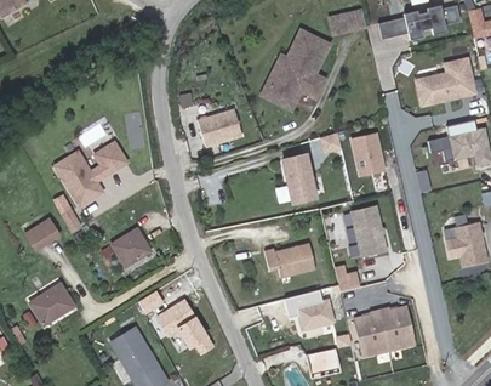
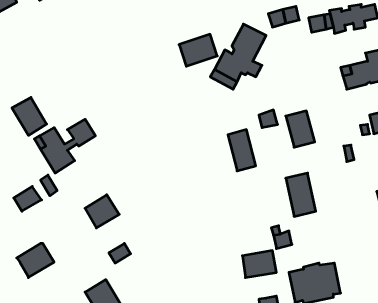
building: [193,110,238,148] -> [179,34,217,66]
building: none -> [12,97,47,135]
building: [262,242,314,278] -> none
building: [158,294,213,351] -> none

